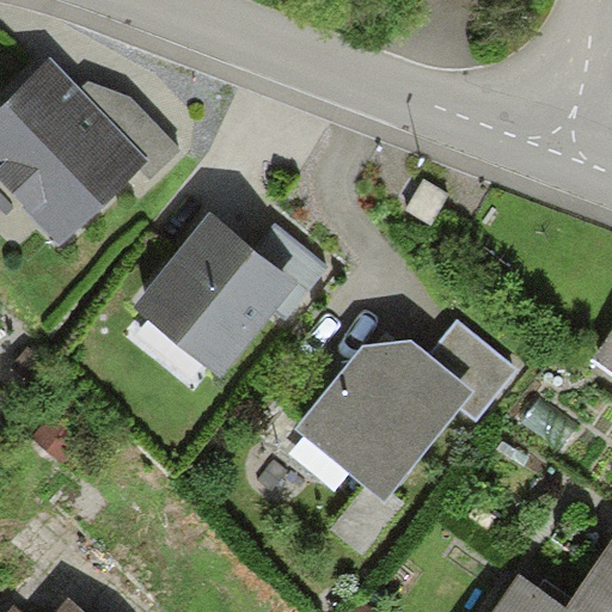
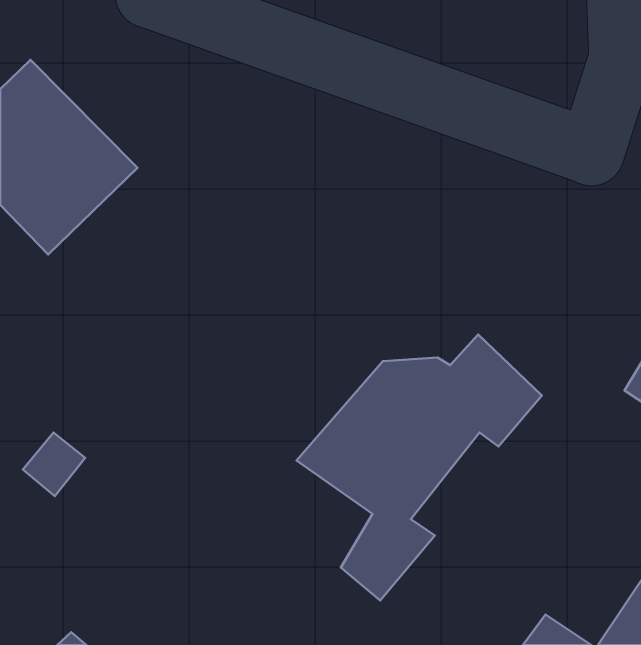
building: [134,212,302,382] -> none

